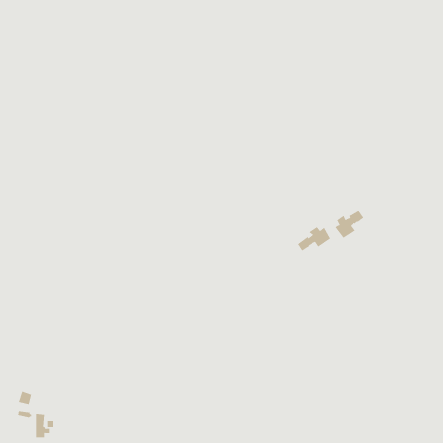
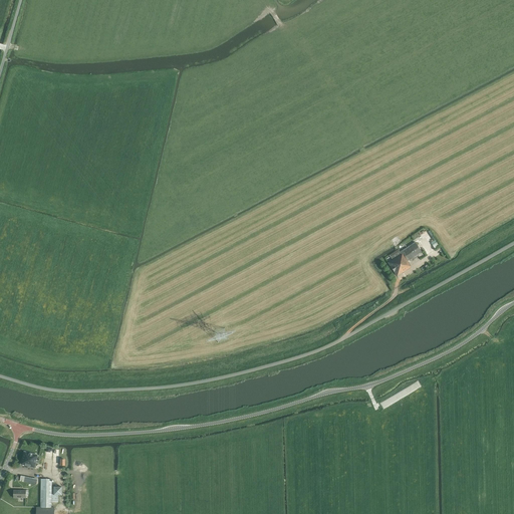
building: [297,226,331,251] -> none

